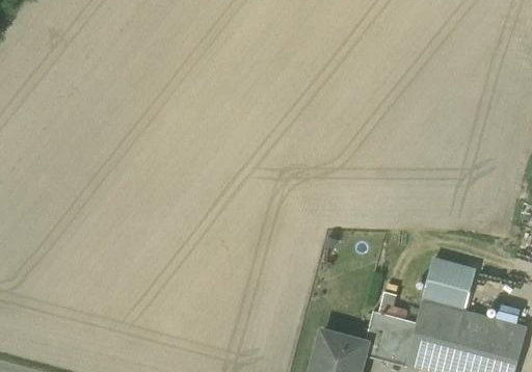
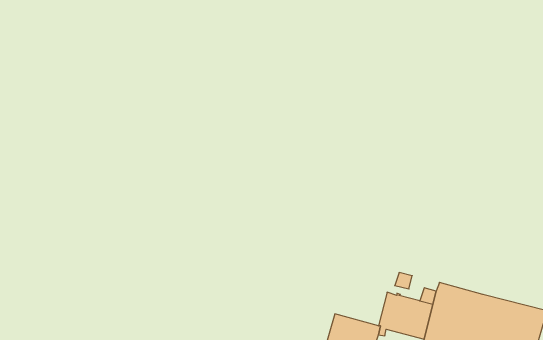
building: [423,260,475,313] -> none

